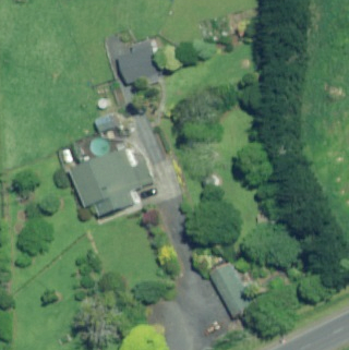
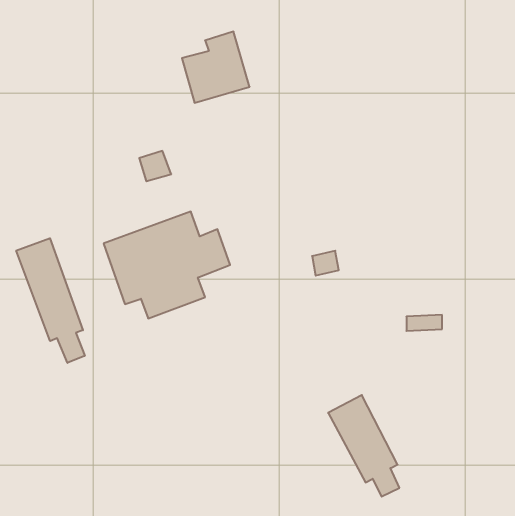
building: none -> [16,238,85,363]

